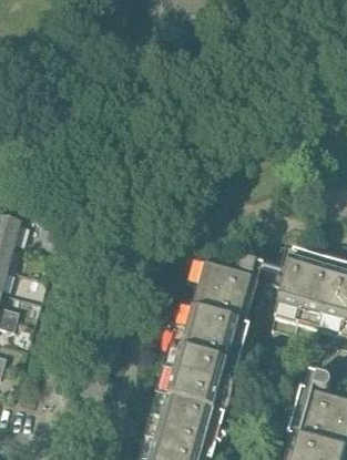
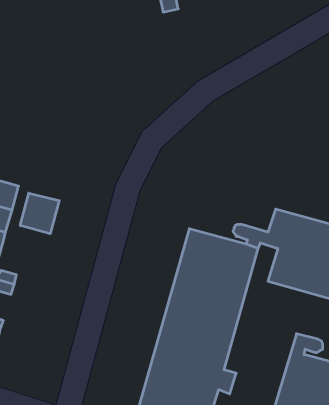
building: none -> [20,193,59,234]

